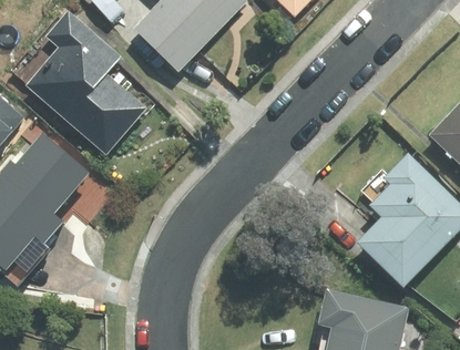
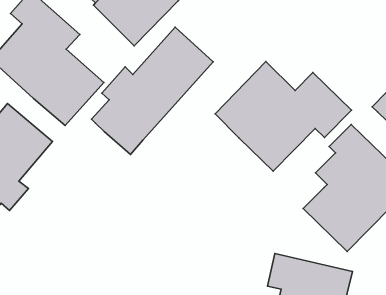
building: none -> [91,27,213,155]
building: none -> [215,61,351,171]

